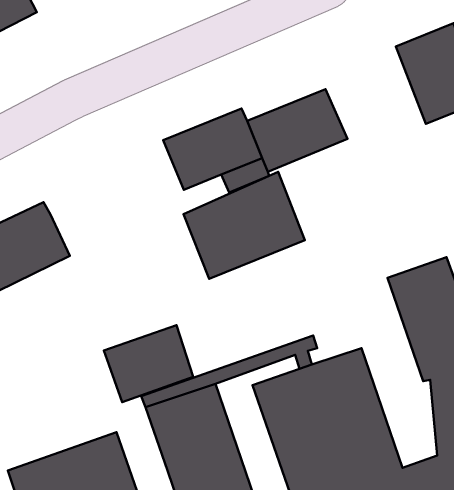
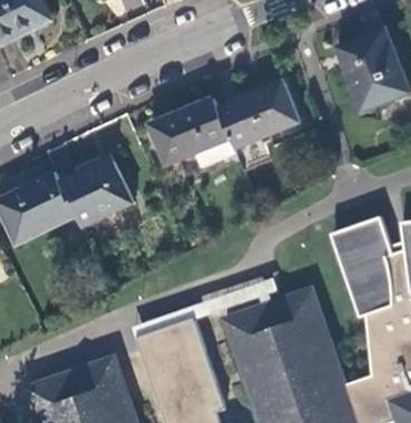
building: [184,172,305,279] -> none
building: none -> [60,156,132,226]
building: [104,325,193,402] -> none

